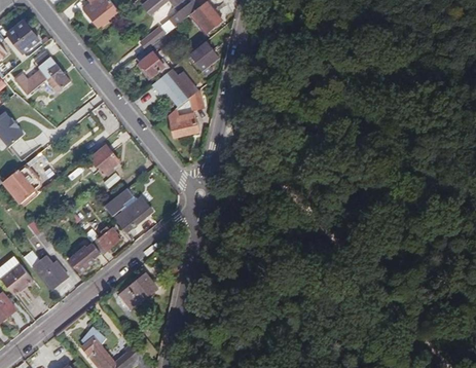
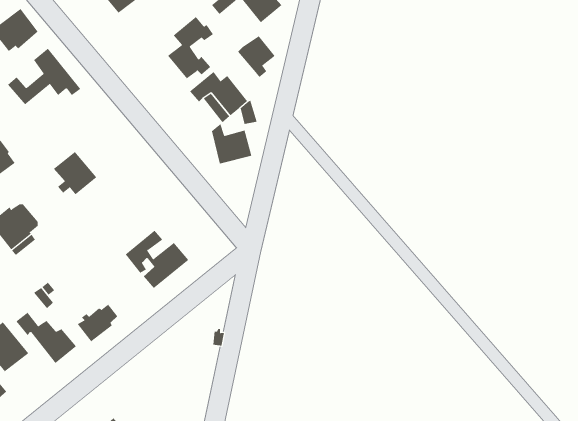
building: [86,141,119,174] -> [53,151,97,195]
building: [90,226,120,253] -> none
building: [117,272,157,310] -> none

